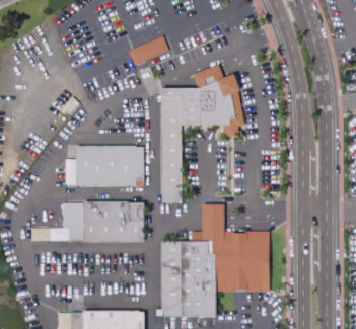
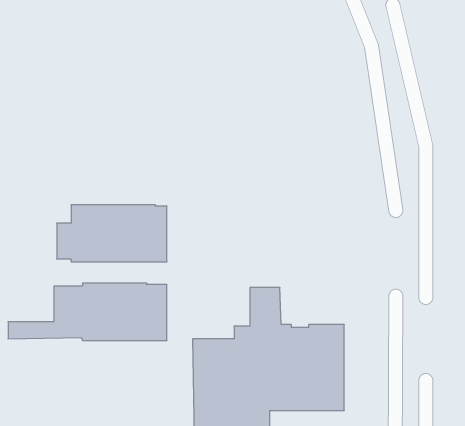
building: [129,35,169,65] -> none
building: [162,64,245,202] -> none

